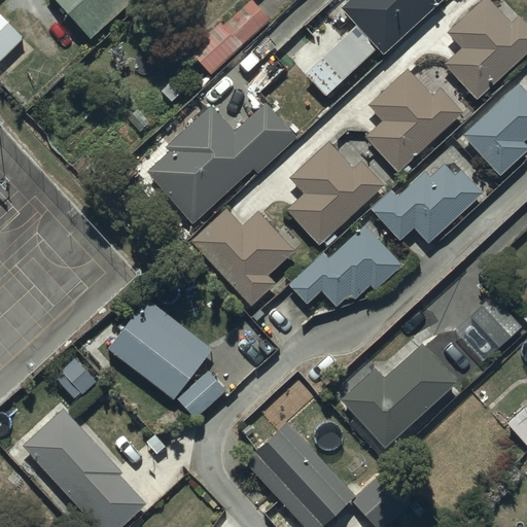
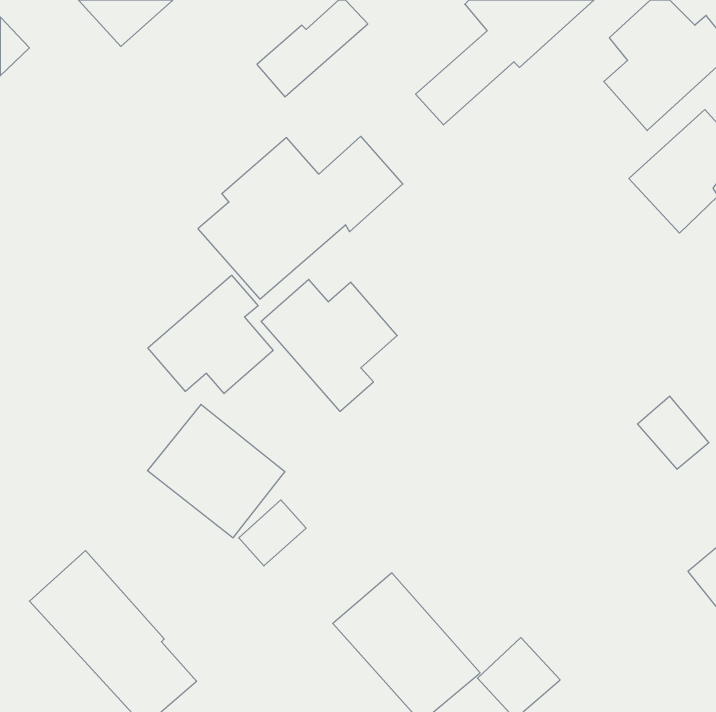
building: [365,69,463,173] -> none
building: [287,143,384,245] -> none
building: [371,165,482,242] -> none
building: none -> [148,275,273,394]
building: [289,224,402,307] -> none
building: [341,342,457,448] -> none

